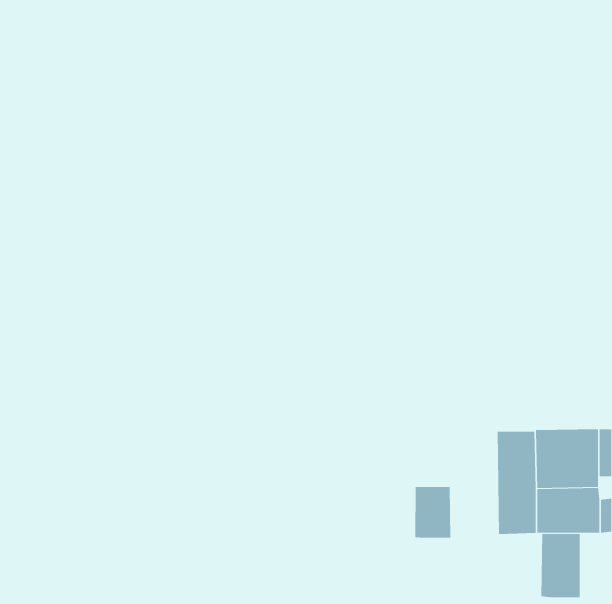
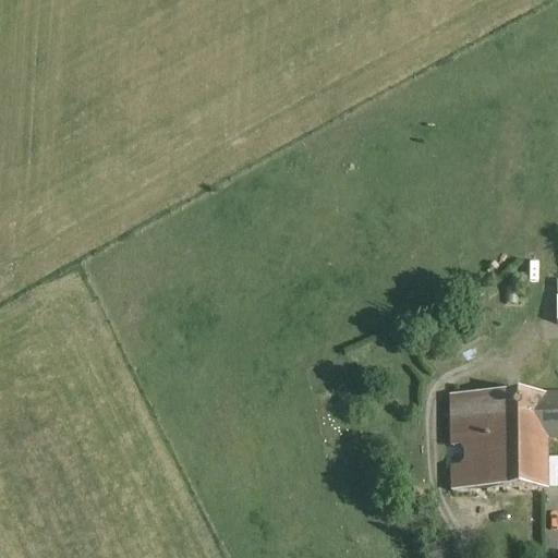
building: [415,486,451,539] -> none
building: [541,533,580,598] -> none

